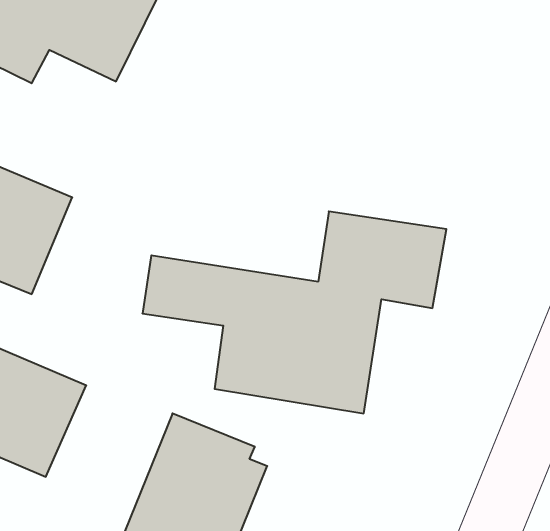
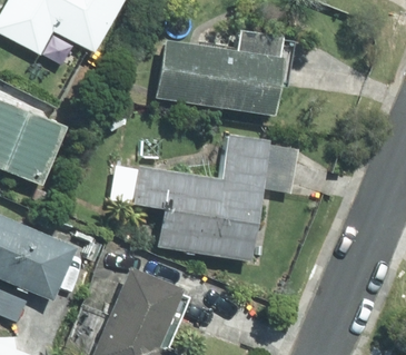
building: none -> [156,19,286,115]

